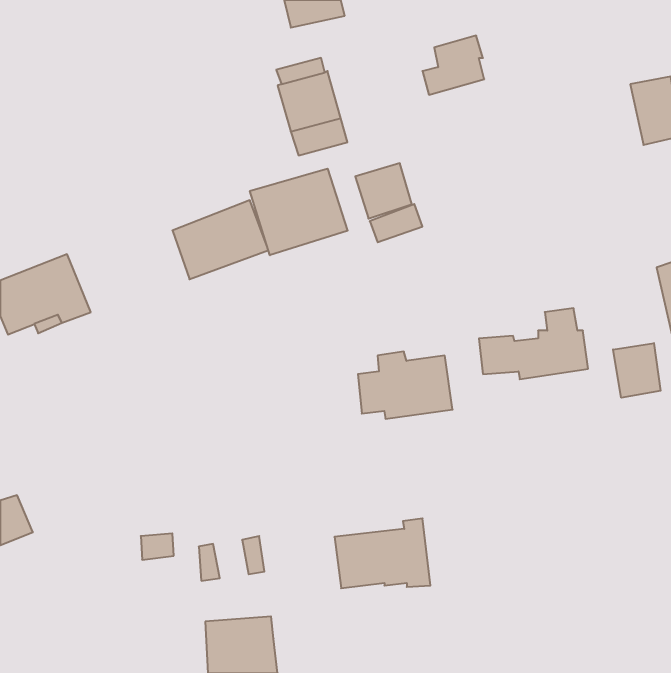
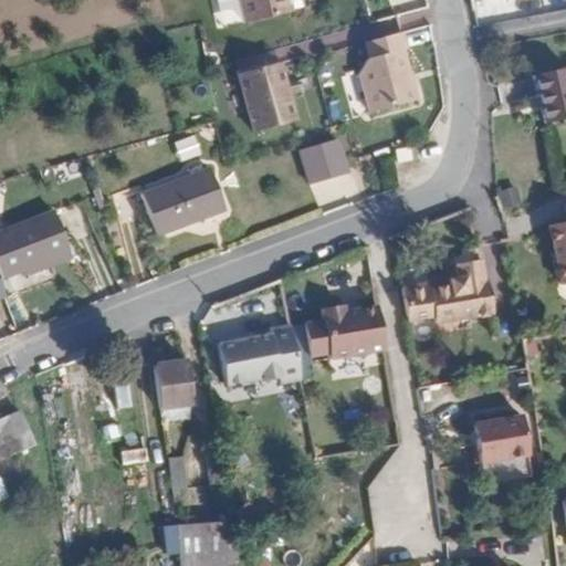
building: none -> [361,66,416,111]
building: [250,169,348,255] -> none
building: [613,343,661,398] -> none
building: none -> [153,359,191,407]
building: none -> [471,418,523,462]
building: [334,518,430,588] -> [220,331,301,389]

